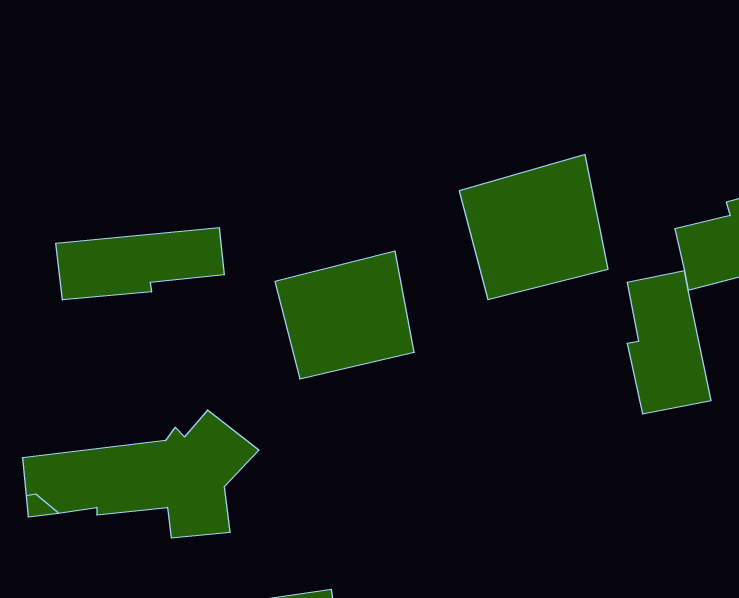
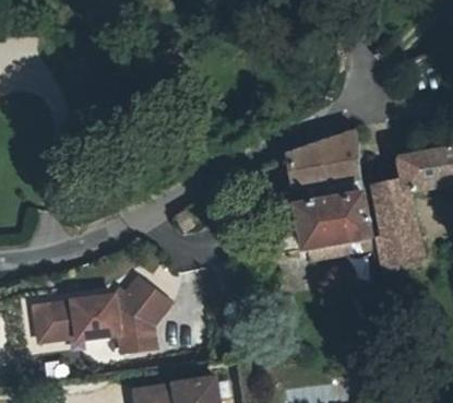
building: [56,228,224,300] -> none
building: [275,251,414,379] -> [301,194,381,268]

